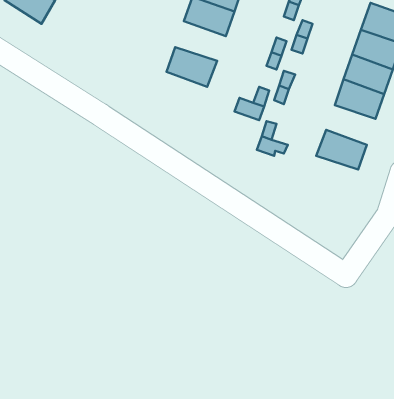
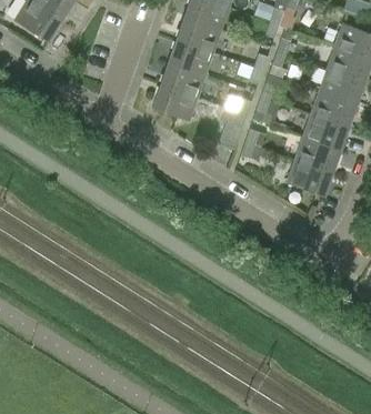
building: none -> [168,39,213,74]
building: none -> [152,84,197,121]
building: none -> [303,114,348,150]
building: none -> [287,160,332,195]

